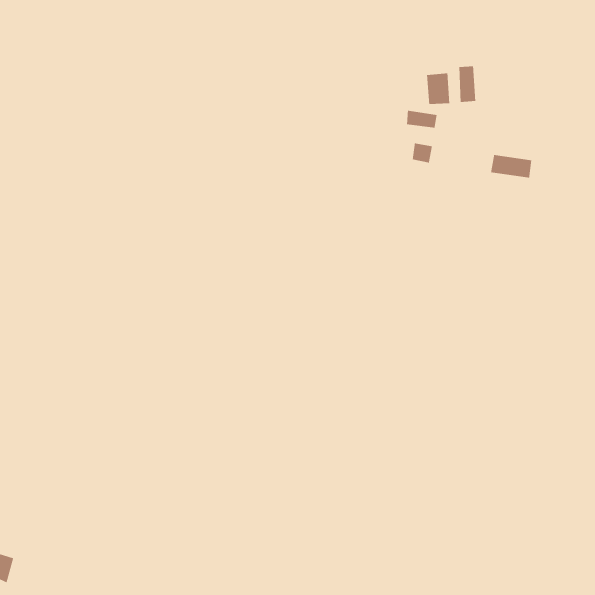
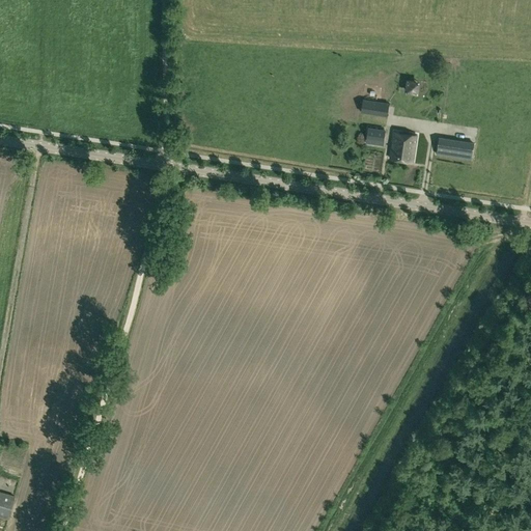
building: [426,72,450,105] -> none
building: none -> [390,133,416,163]

